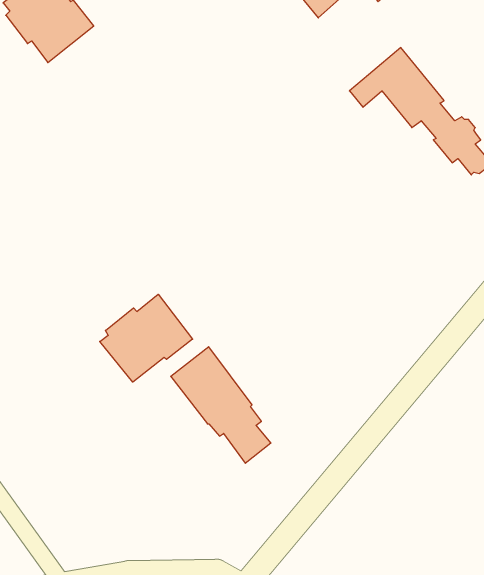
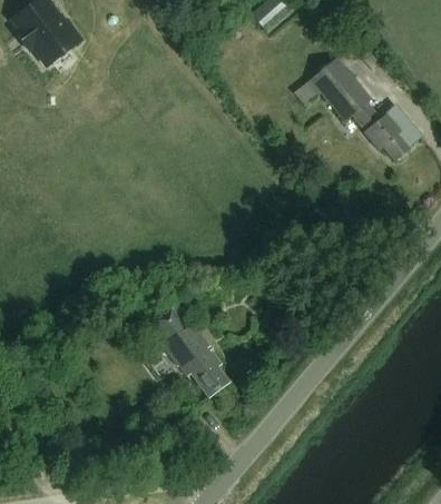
building: [100,294,193,382] -> none

